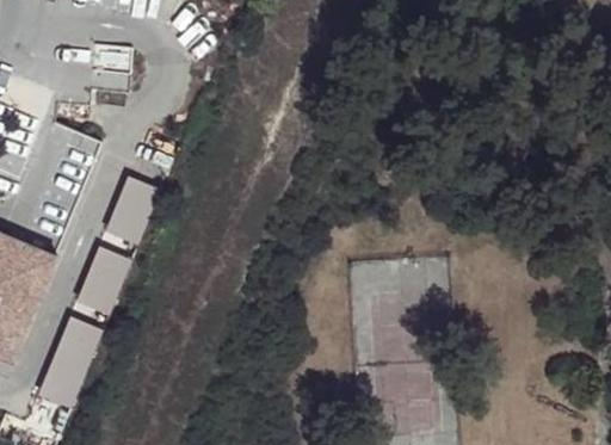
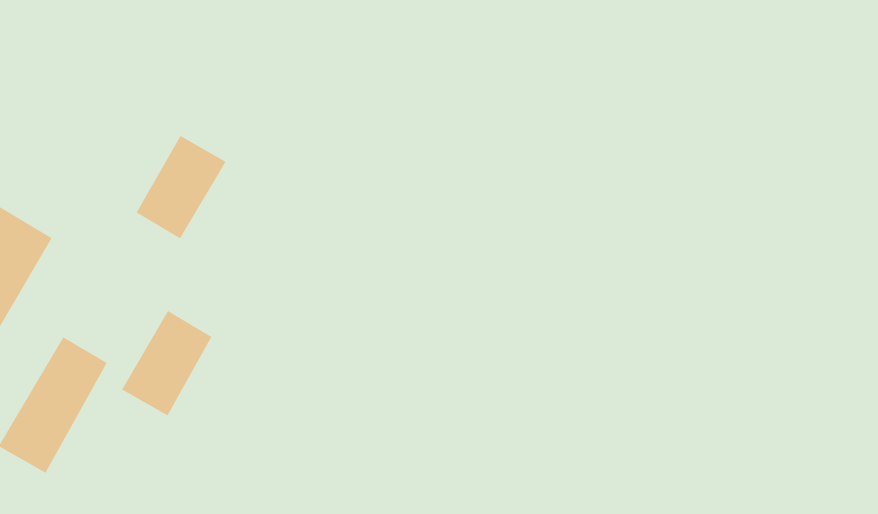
building: [76,246,130,314] -> [121,310,212,416]

